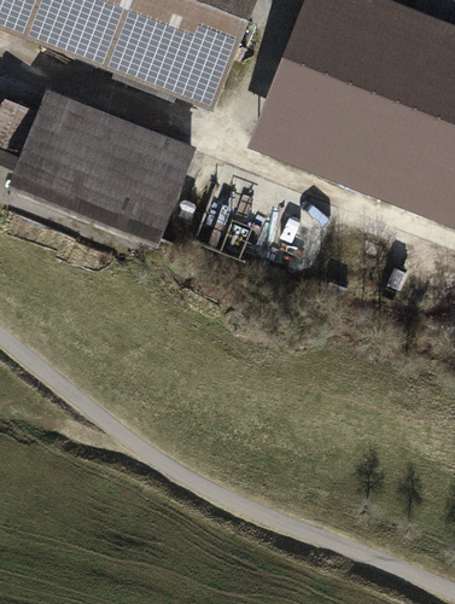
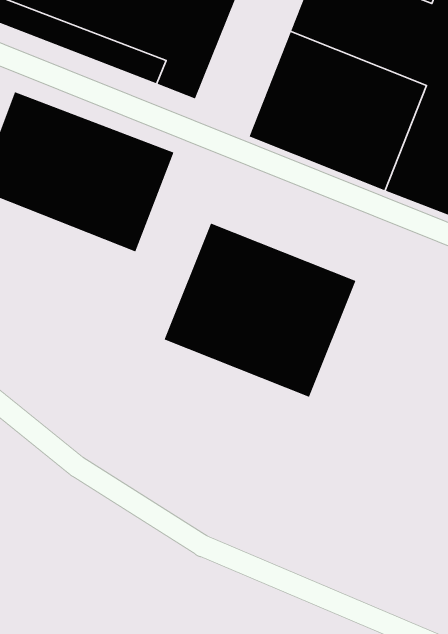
building: none -> [164,222,357,398]

